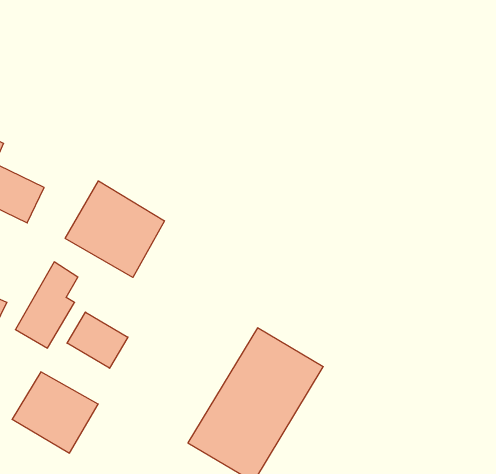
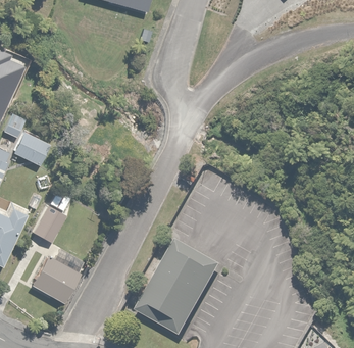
building: [65,181,164,277] -> none
building: [67,312,128,368] -> none

